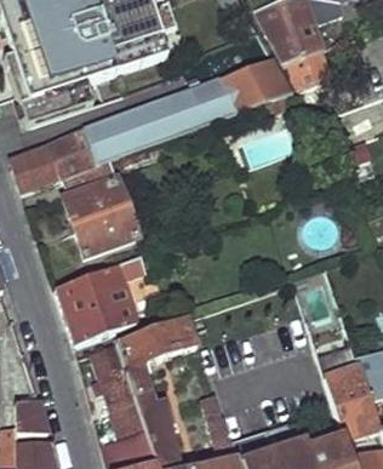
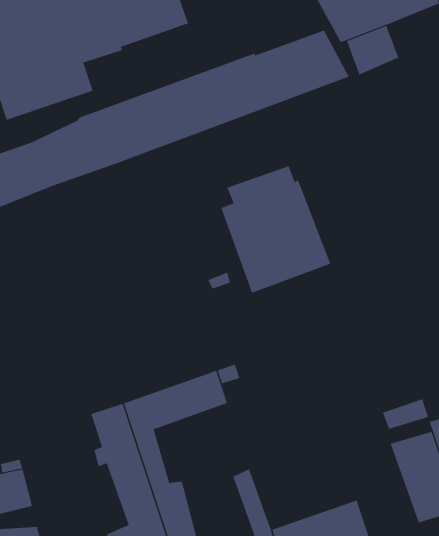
building: [59,160,145,259] -> [220,166,331,294]
building: [58,261,147,345] -> none

